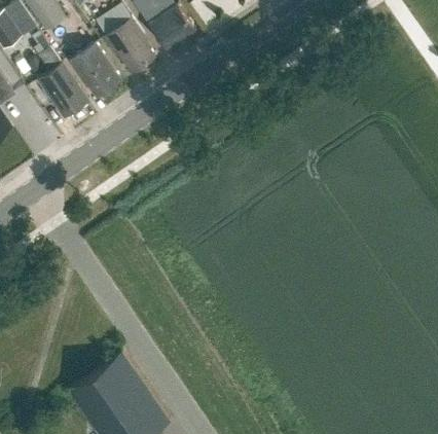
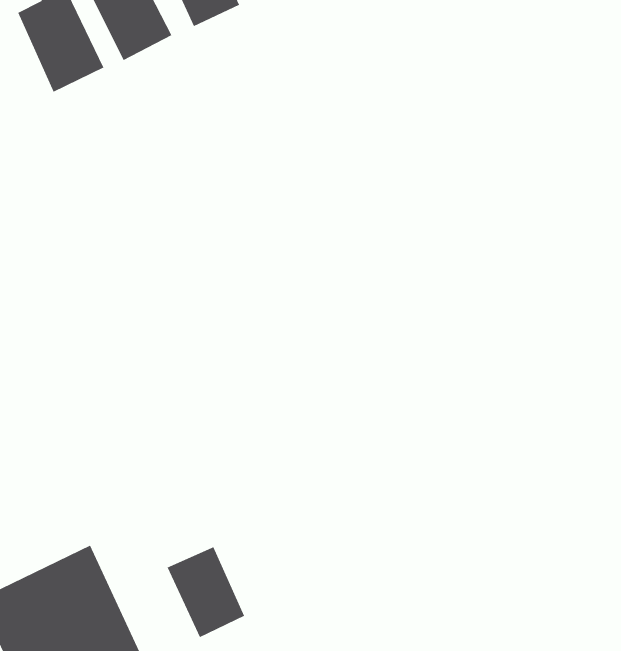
building: none -> [167,546,245,638]

